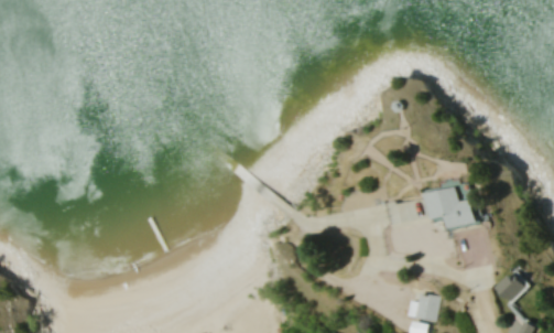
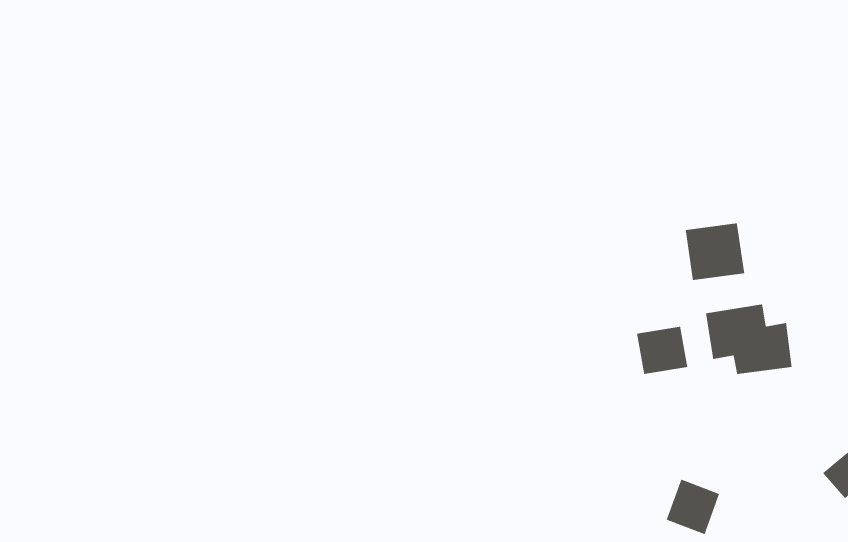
building: none -> [685,222,745,281]

